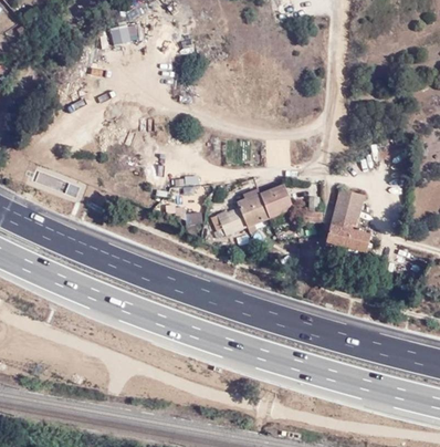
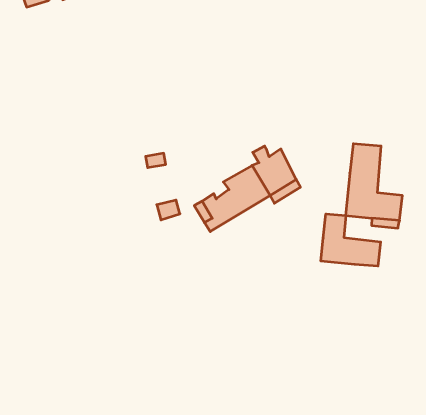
building: none -> [321,214,381,266]

